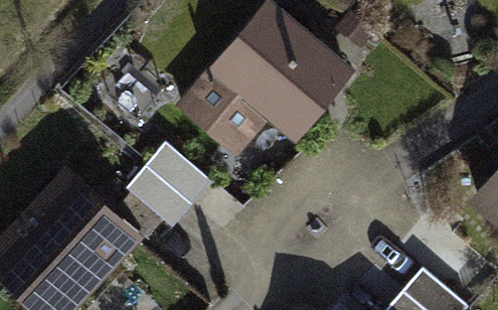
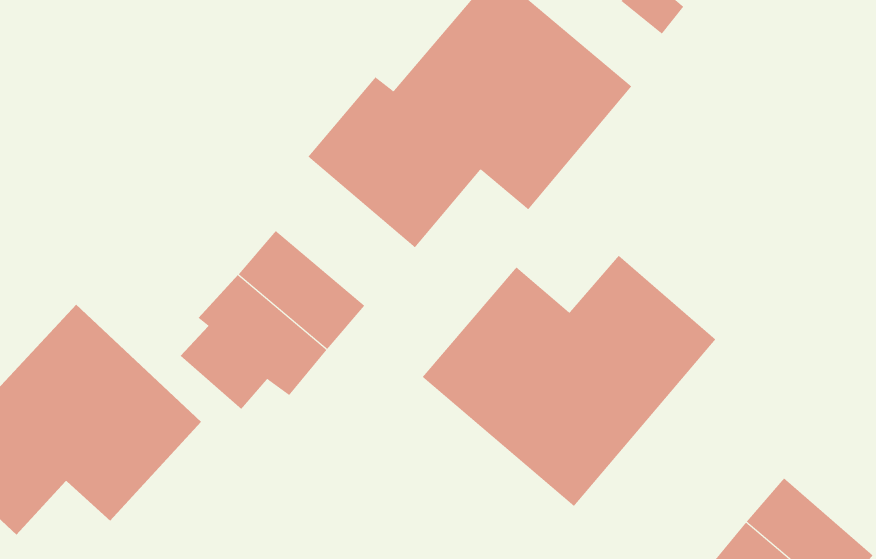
building: none -> [422,255,716,507]

